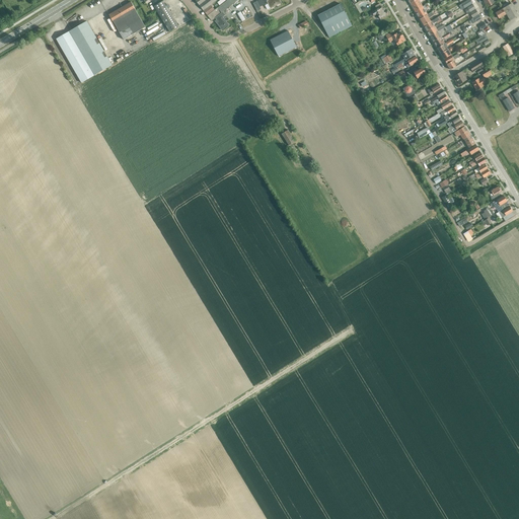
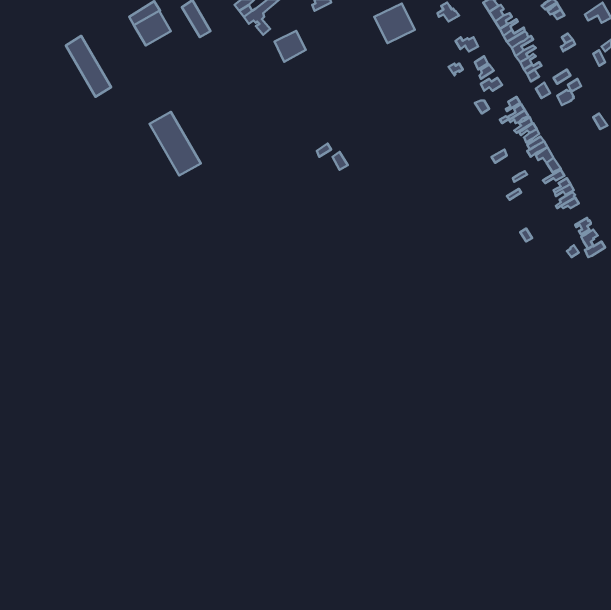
building: [69,20,113,74] -> [149,112,201,175]
building: [270,29,296,56] -> [275,31,306,62]

